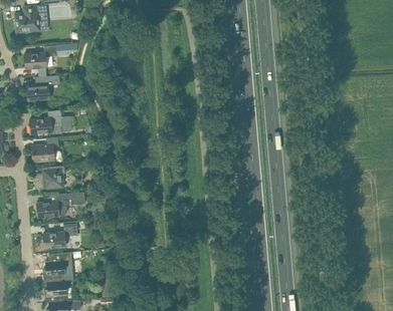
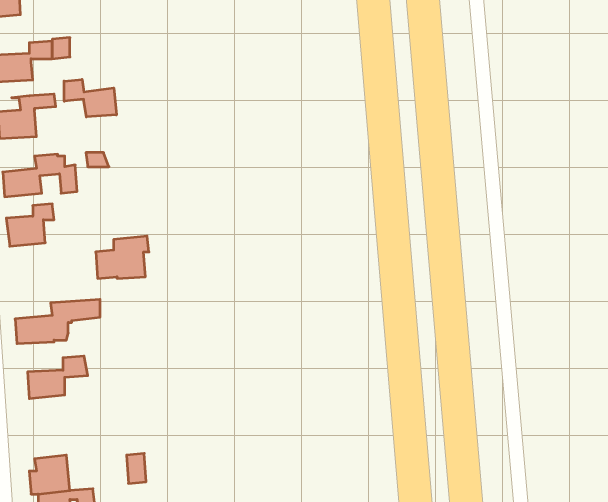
building: none -> [64,79,116,117]
building: [34,166,64,190] -> [96,236,149,278]
building: [42,253,72,283] -> none

